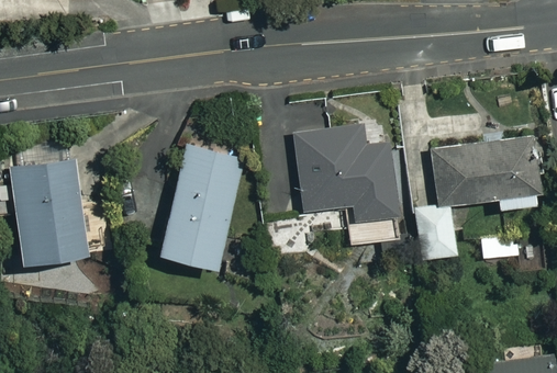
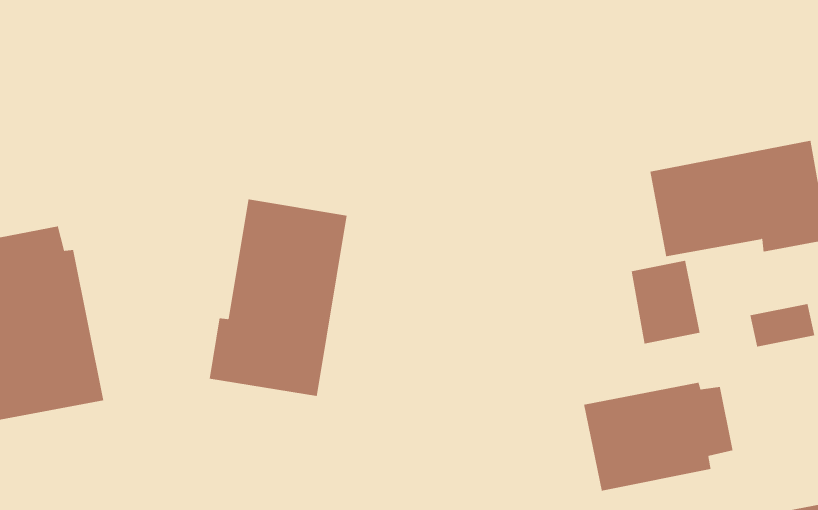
building: [294,125,396,218] -> none
building: none -> [584,382,733,491]

